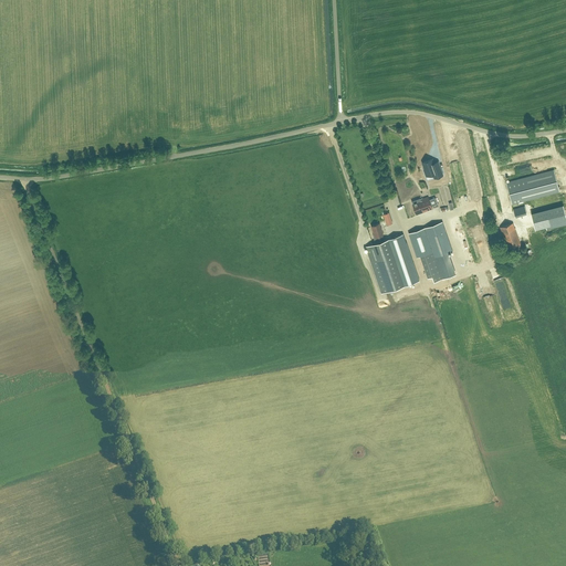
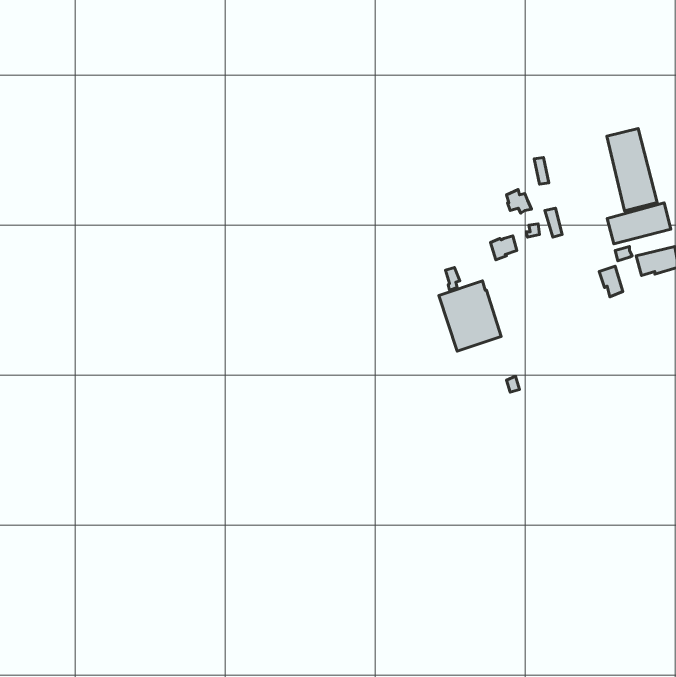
building: none -> [607,128,657,211]
building: [410,221,453,282] -> none

